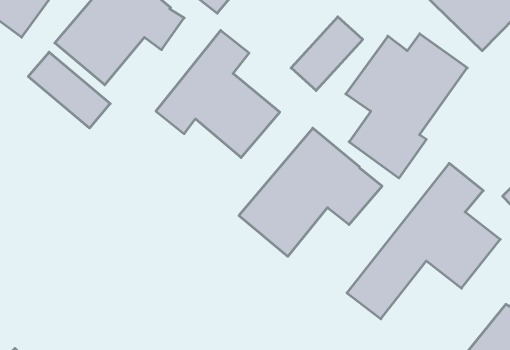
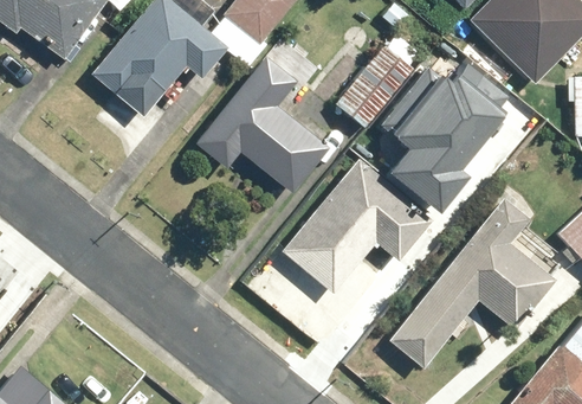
building: [28,52,110,128] -> none

